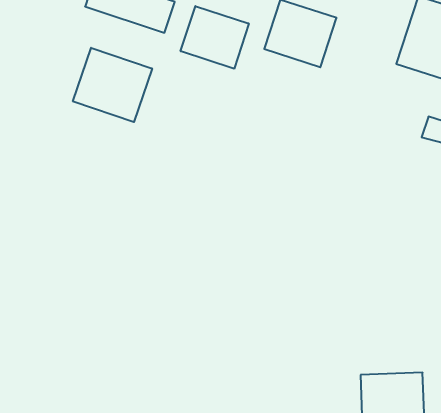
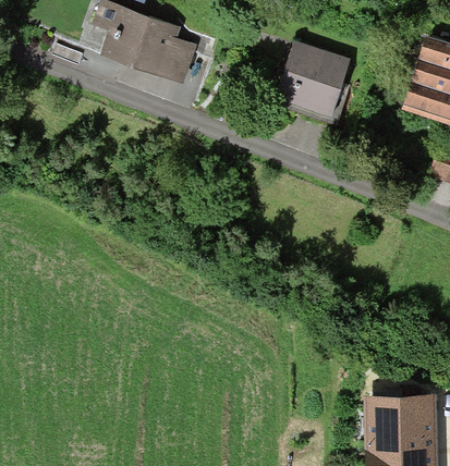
building: [181,6,249,69] -> none
building: [73,48,152,122] -> none

